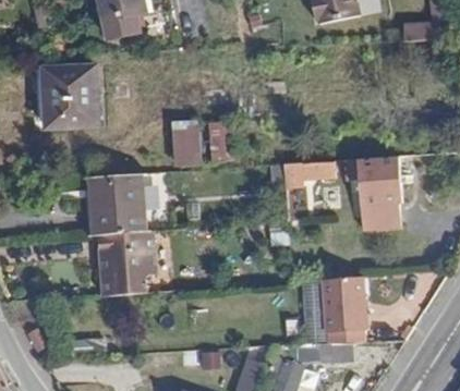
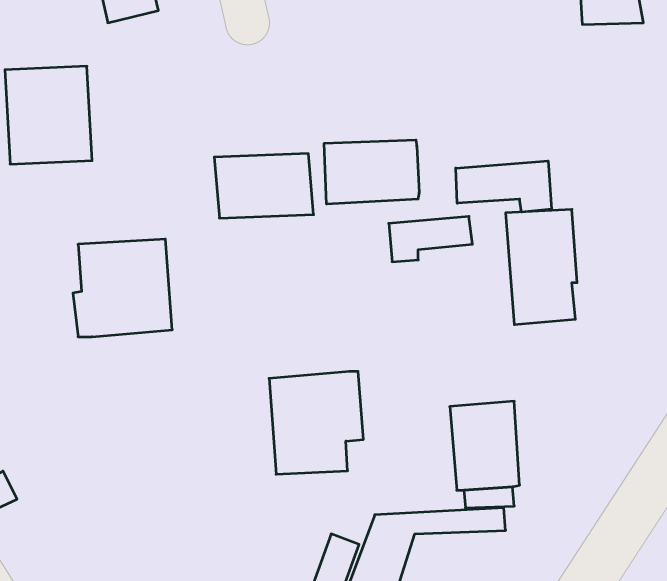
building: none -> [324,140,419,204]
building: none -> [456,161,552,212]
building: [98,231,157,295] -> [269,371,363,474]

